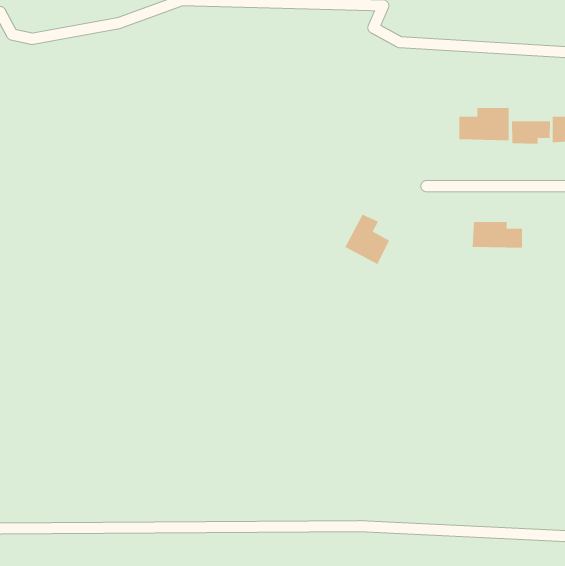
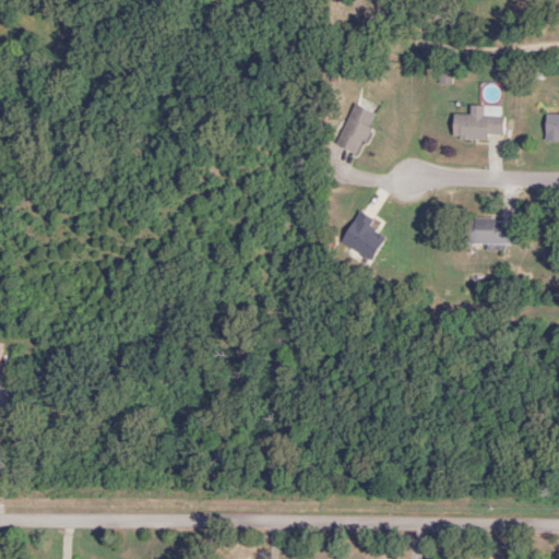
building: none -> [336,104,376,154]
building: [511,121,551,145] -> none

